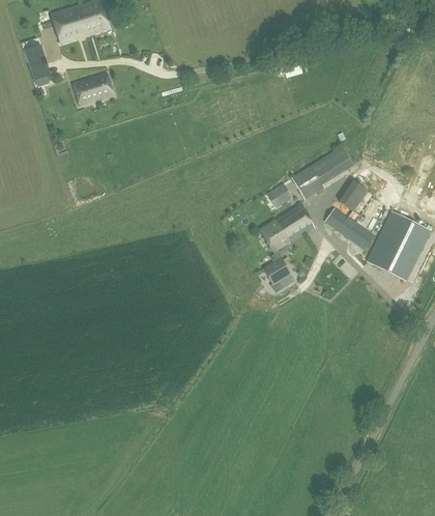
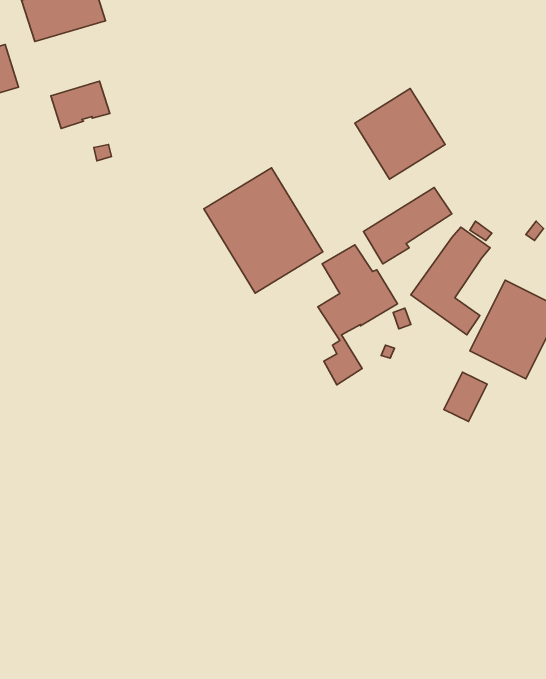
building: none -> [355,89,445,179]
building: none -> [204,168,323,293]
building: none -> [444,372,487,421]

